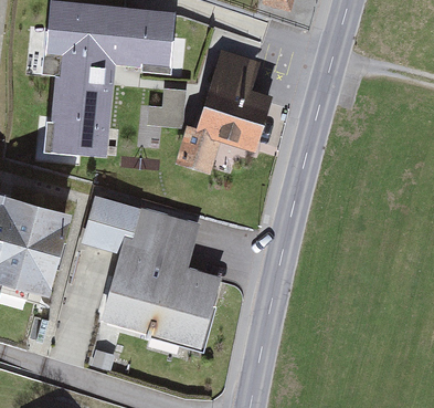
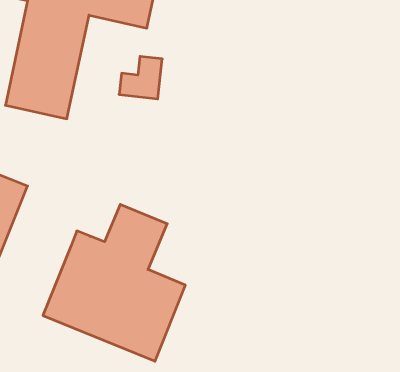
building: [173,54,274,176] -> none
building: [82,201,141,259] -> none

